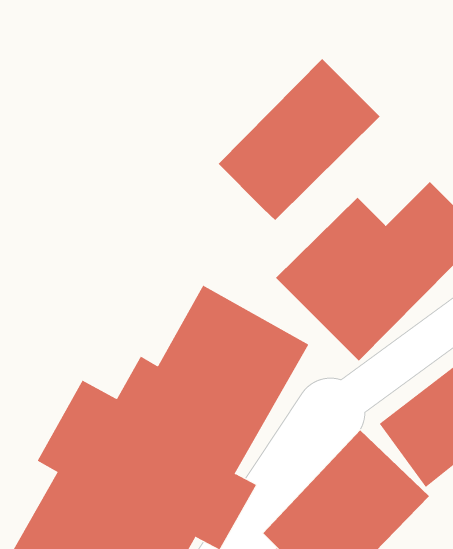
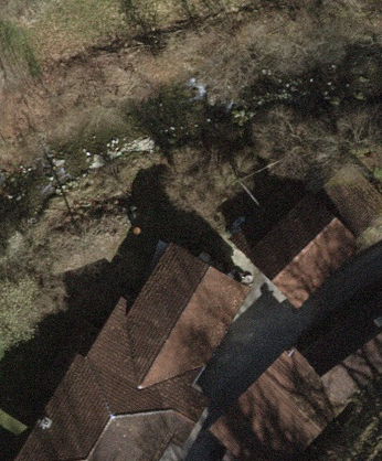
building: [218,58,380,221] -> none

